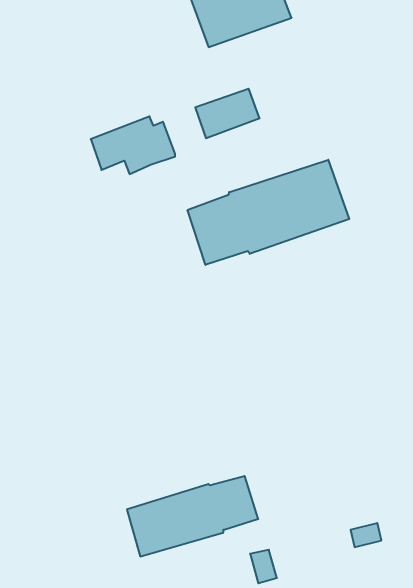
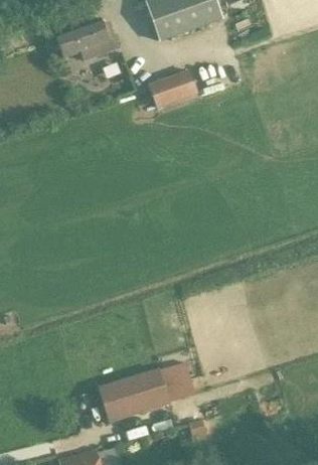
building: [91,116,175,174] -> [55,18,119,61]
building: [188,160,349,265] -> none

